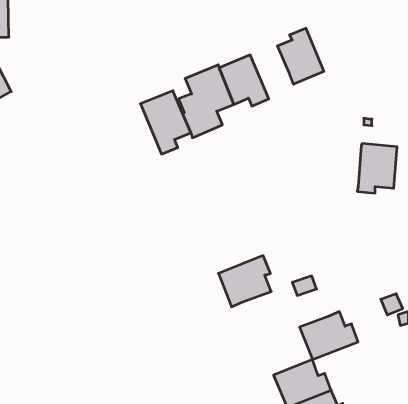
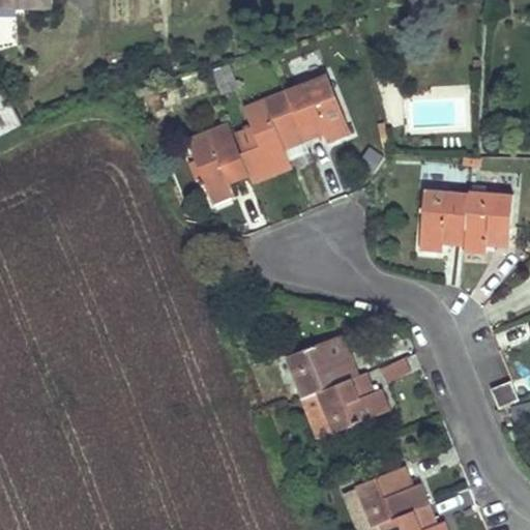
building: [277,28,324,84] -> none
building: none -> [418,189,466,251]
building: [300,312,358,360] -> [315,372,389,433]

